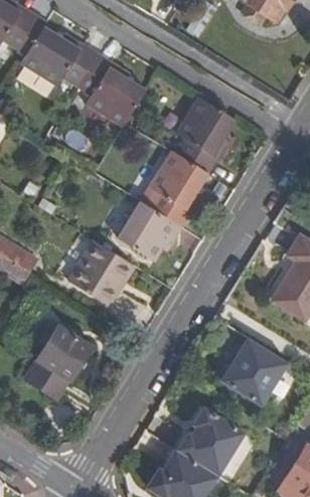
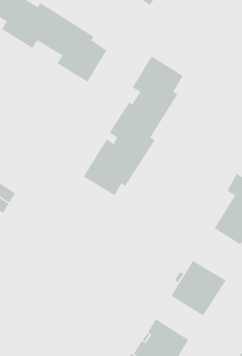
building: [68,241,134,307] -> none
building: [24,326,91,399] -> none

